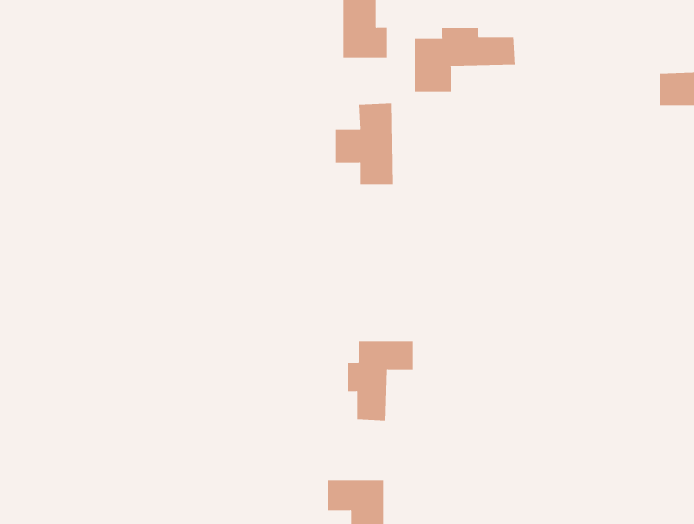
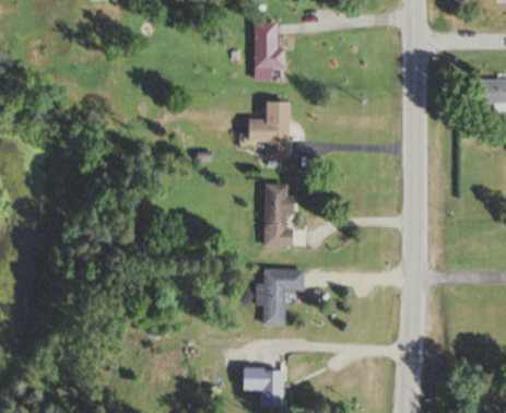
building: [414,27,516,92] -> none
building: none -> [264,185,293,249]

